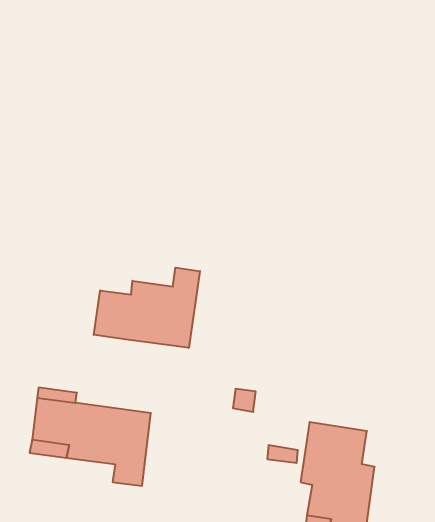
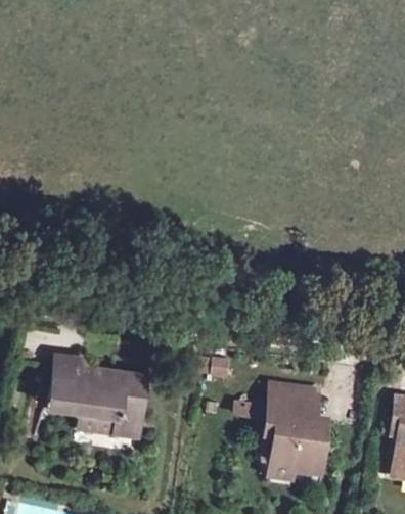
building: [94,268,200,348] -> none

